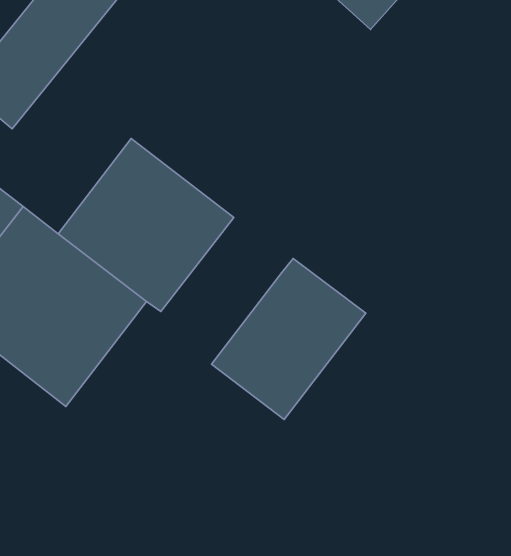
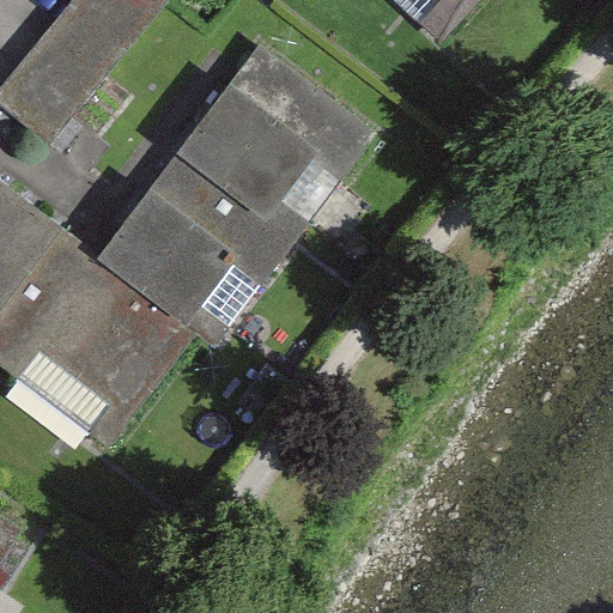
building: none -> [177,45,371,238]
building: [211,259,366,419] -> none

